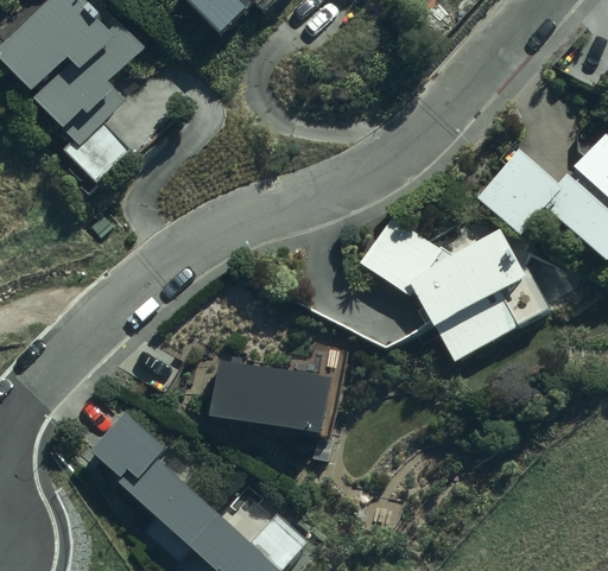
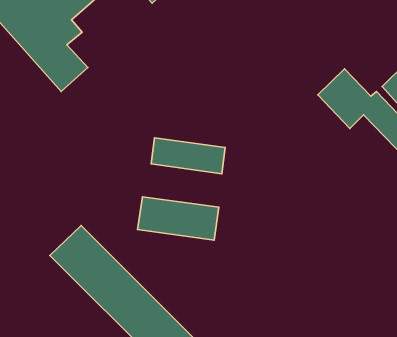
building: [357,214,546,366] -> none
building: none -> [151,138,225,174]

